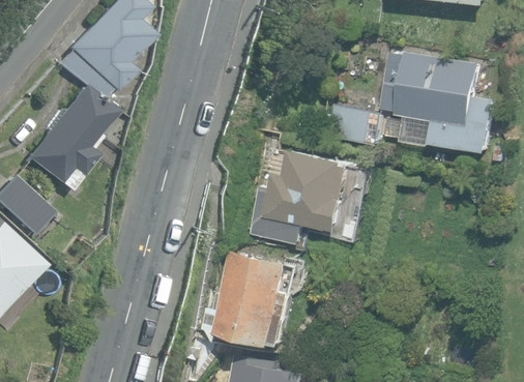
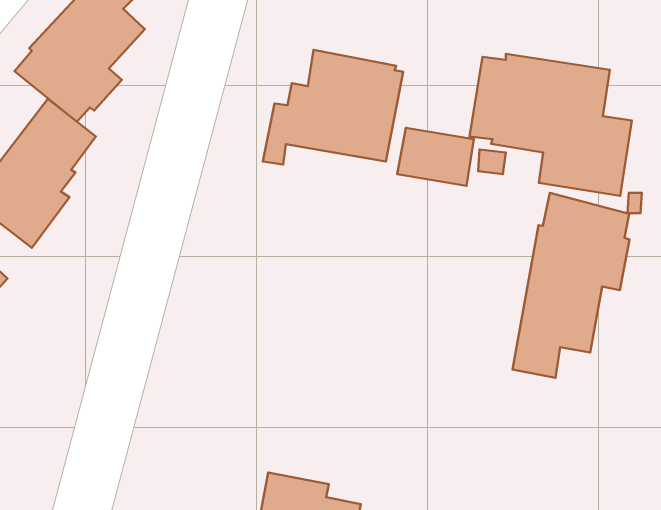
building: [253,151,353,233] -> [263,50,403,164]
building: none -> [512,193,629,378]
building: [214,252,294,346] -> none

